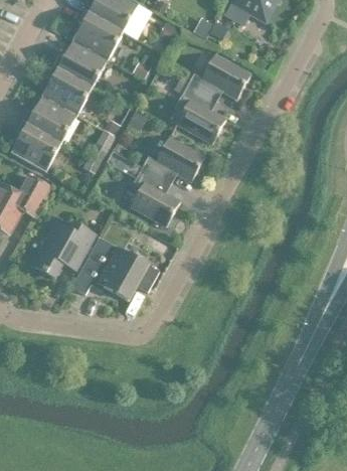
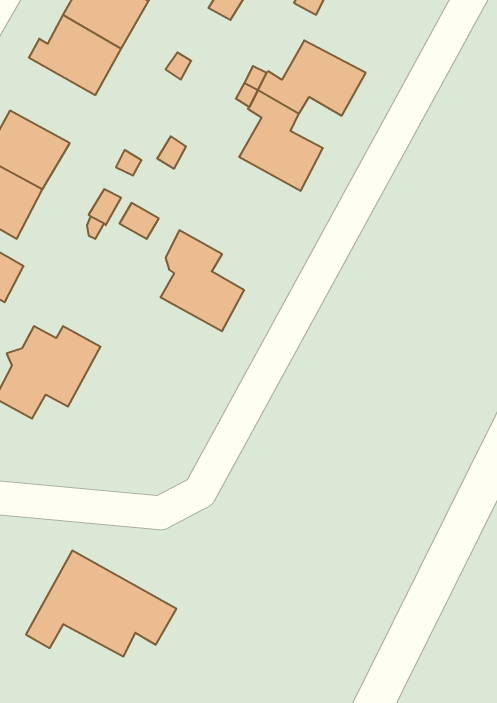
building: [41,64,92,115] -> none
building: [141,137,204,181] -> none
building: [70,237,159,299] -> [26,551,176,657]

